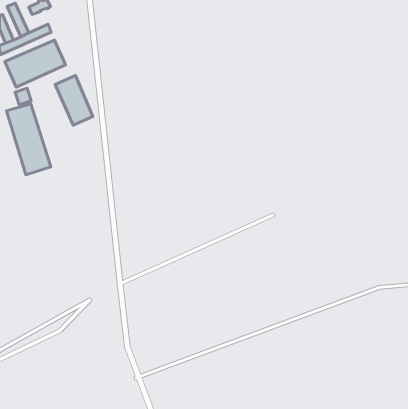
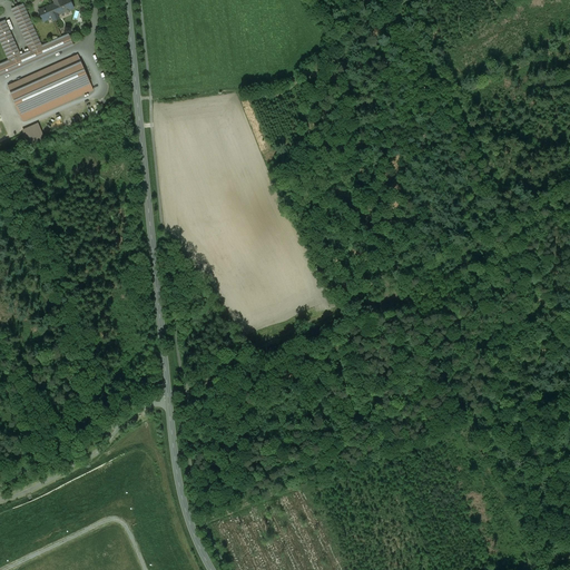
building: [55,76,93,125] -> none
building: [7,104,51,175] -> none

